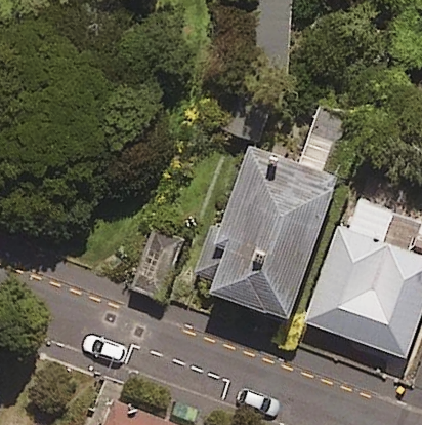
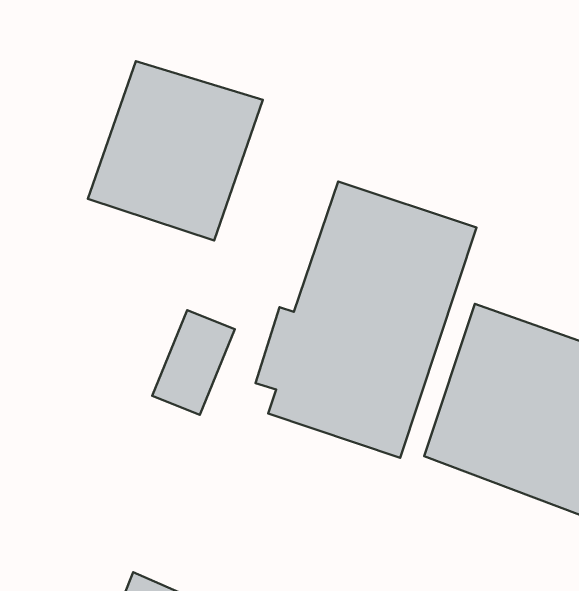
building: none -> [88,61,263,241]

